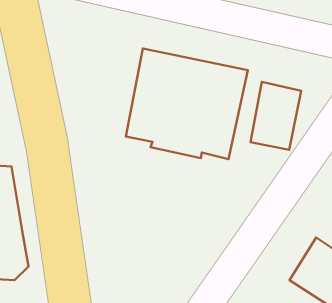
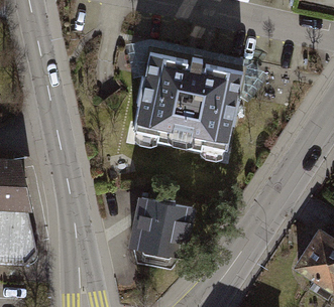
building: [250,82,301,150] -> none
building: none -> [128,195,198,270]

